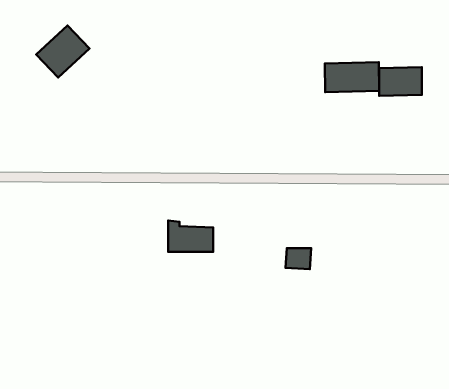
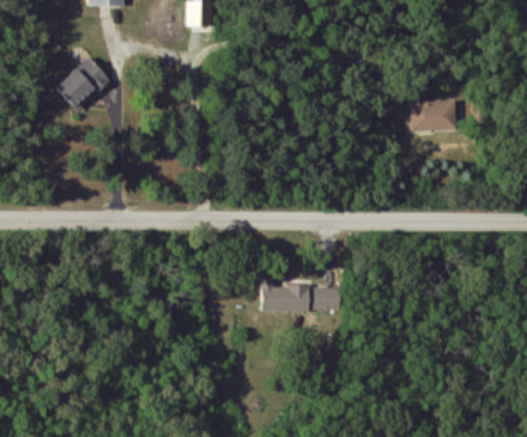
building: [325,62,379,92] -> none
building: [168,221,213,252] -> [261,278,308,310]

